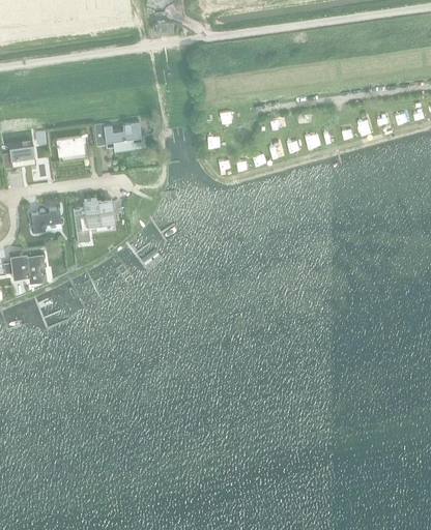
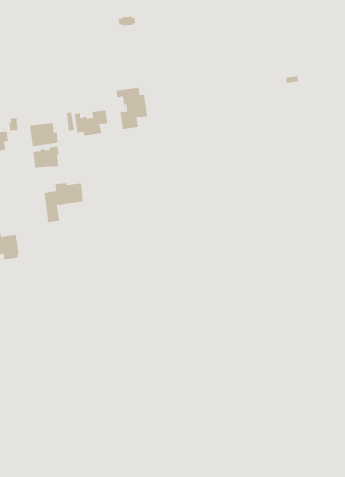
building: none -> [116,87,147,130]
building: [32,205,61,229] -> [33,146,60,168]

